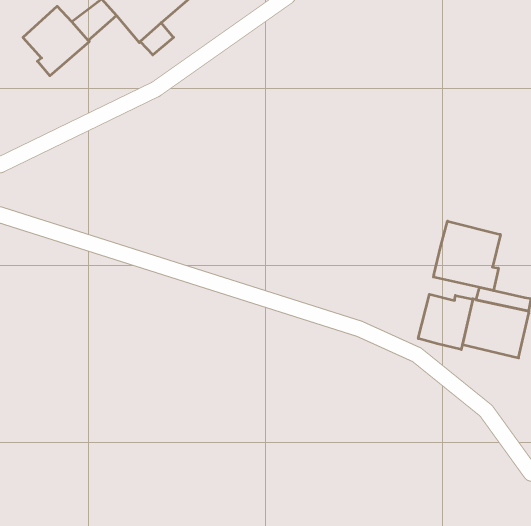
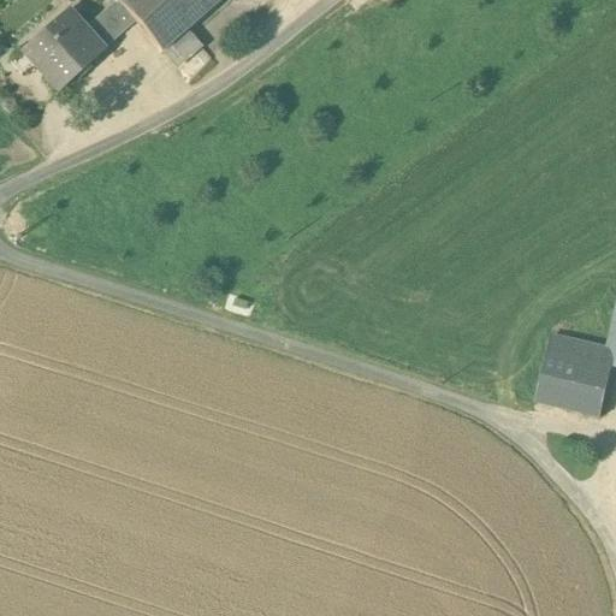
building: [433,221,500,291] -> none
building: [418,294,473,350] -> none

